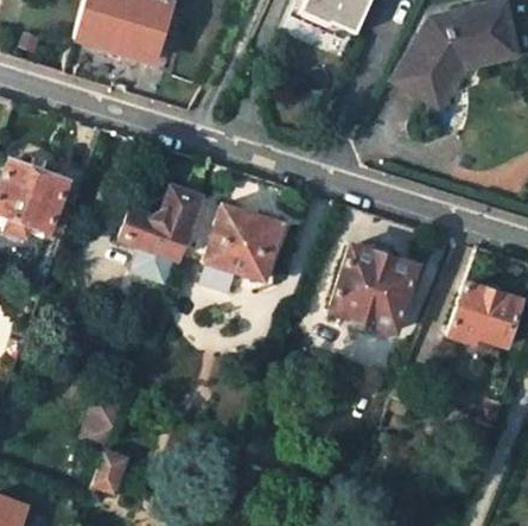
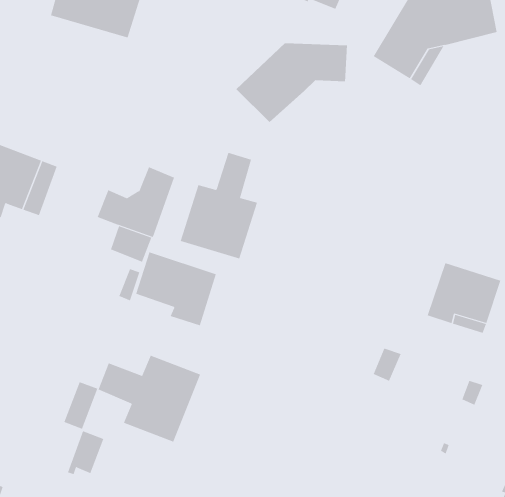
building: none -> [236,42,348,123]
building: [330,248,412,331] -> none
building: none -> [136,252,216,326]
building: none -> [98,355,201,442]

